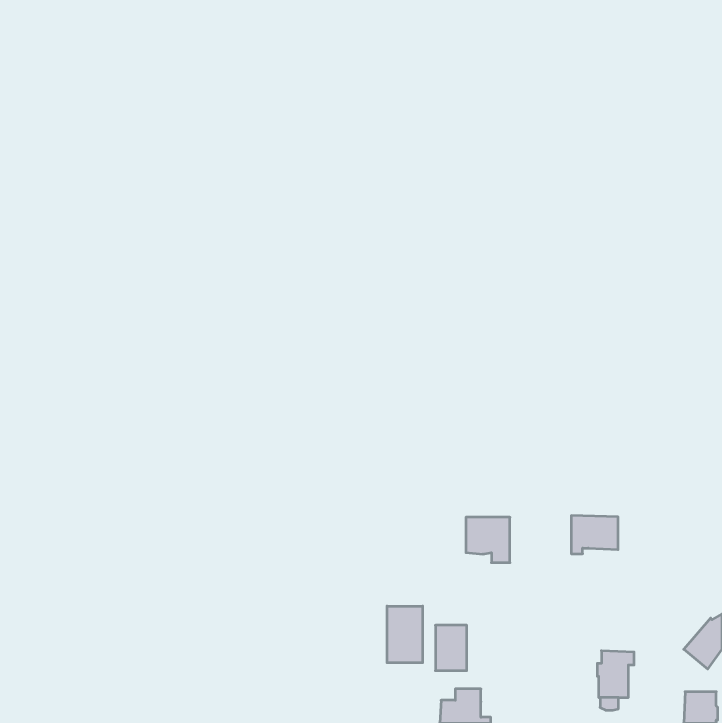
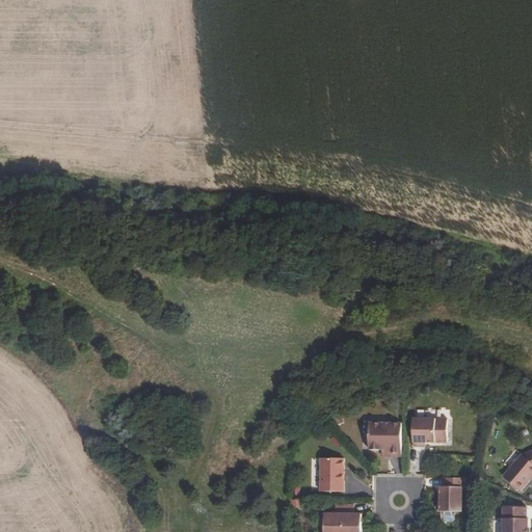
building: [571,516,618,554] -> [411,418,446,446]
building: [466,517,510,563] -> [368,423,400,456]
building: [387,606,423,663] -> none

